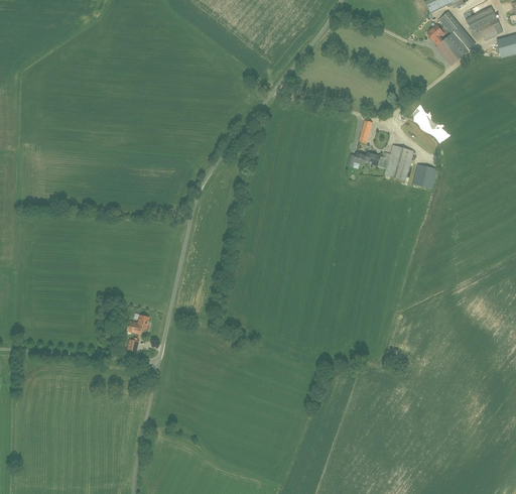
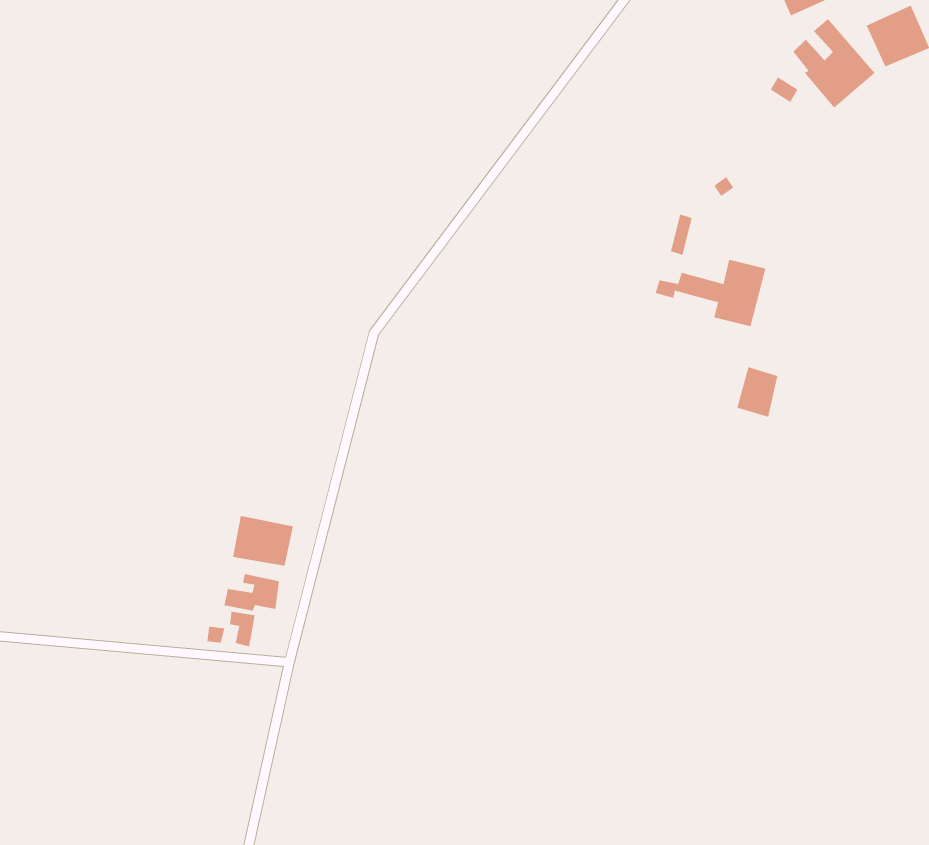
building: [413,162,435,190] -> [737,367,778,417]
building: none -> [233,515,293,567]

